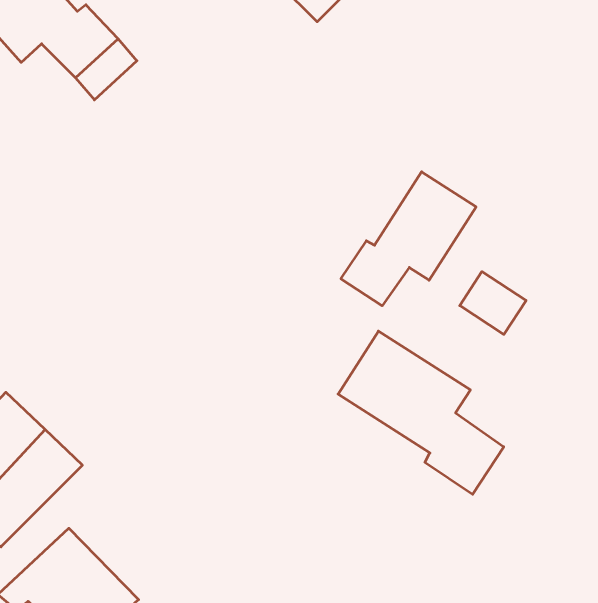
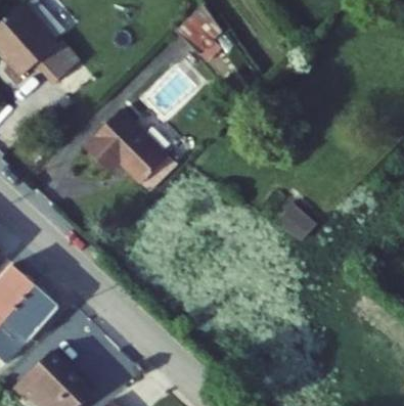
building: none -> [81,104,168,178]
building: [341,172,476,306] -> none
building: [338,331,504,494] -> none

